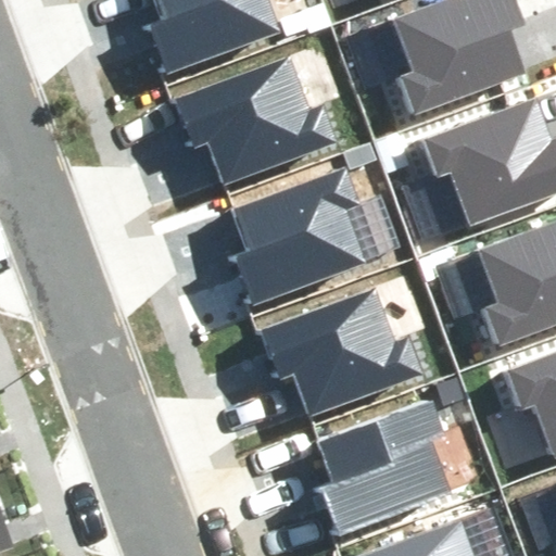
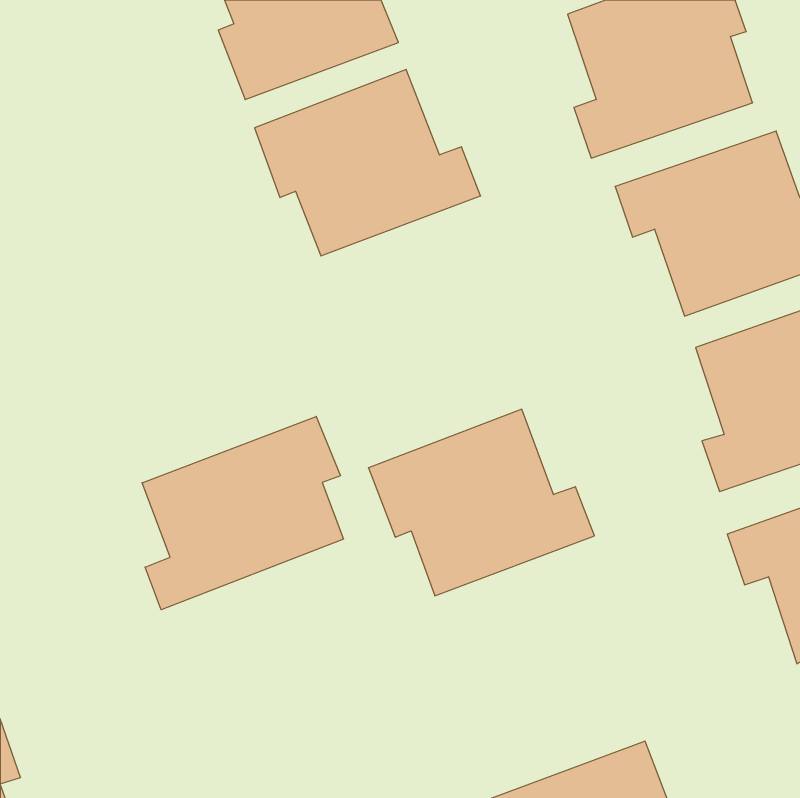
building: [226,167,355,305] -> none
building: none -> [142,416,343,610]
building: [318,401,447,539] -> none

